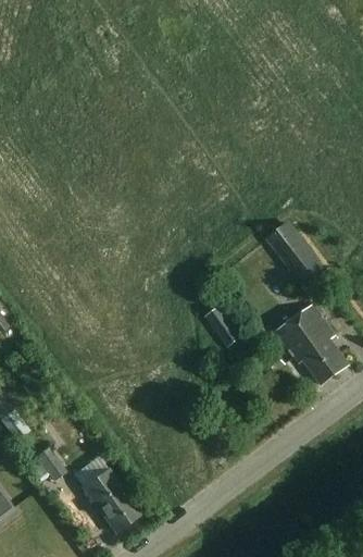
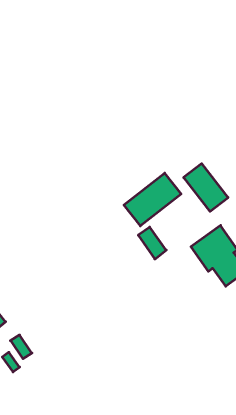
building: none -> [124,173,181,226]
building: [83,468,141,532] -> none

